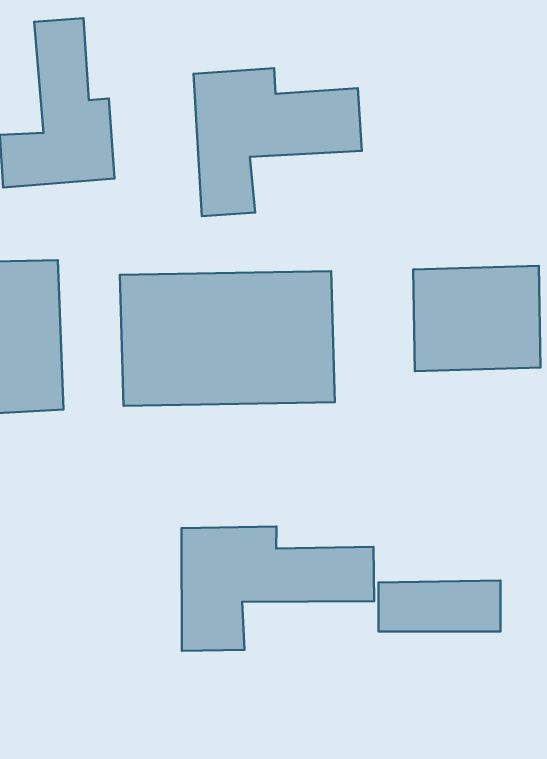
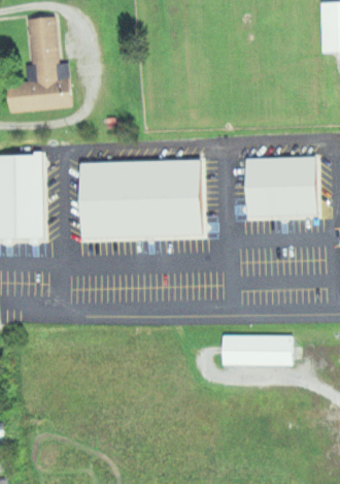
building: [194,68,362,216] -> none
building: [181,526,374,651] -> none

